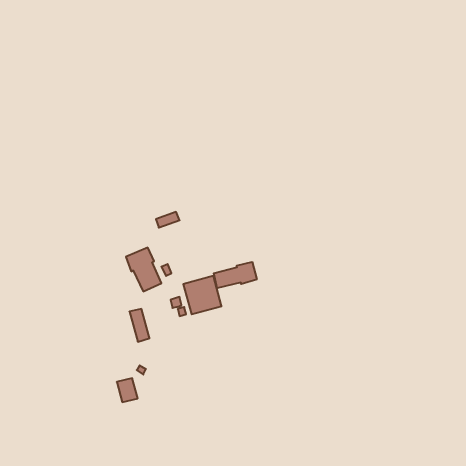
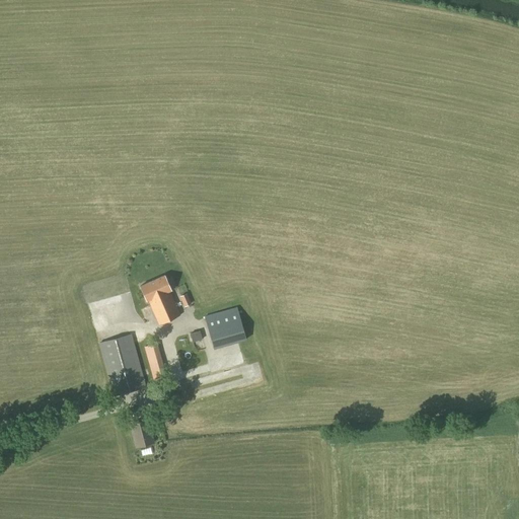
building: [214,262,257,288] -> none
building: none -> [98,333,146,395]

